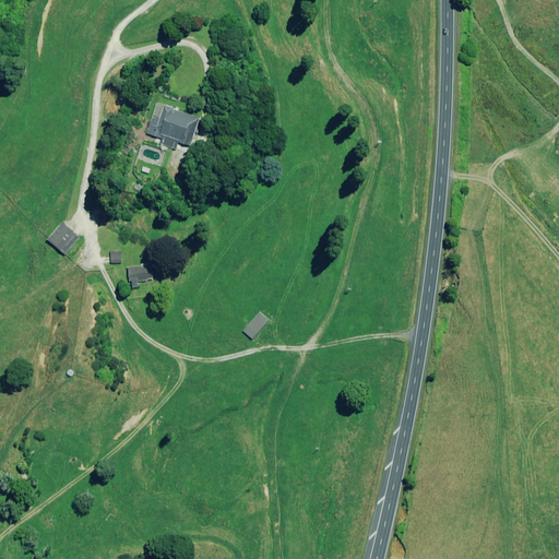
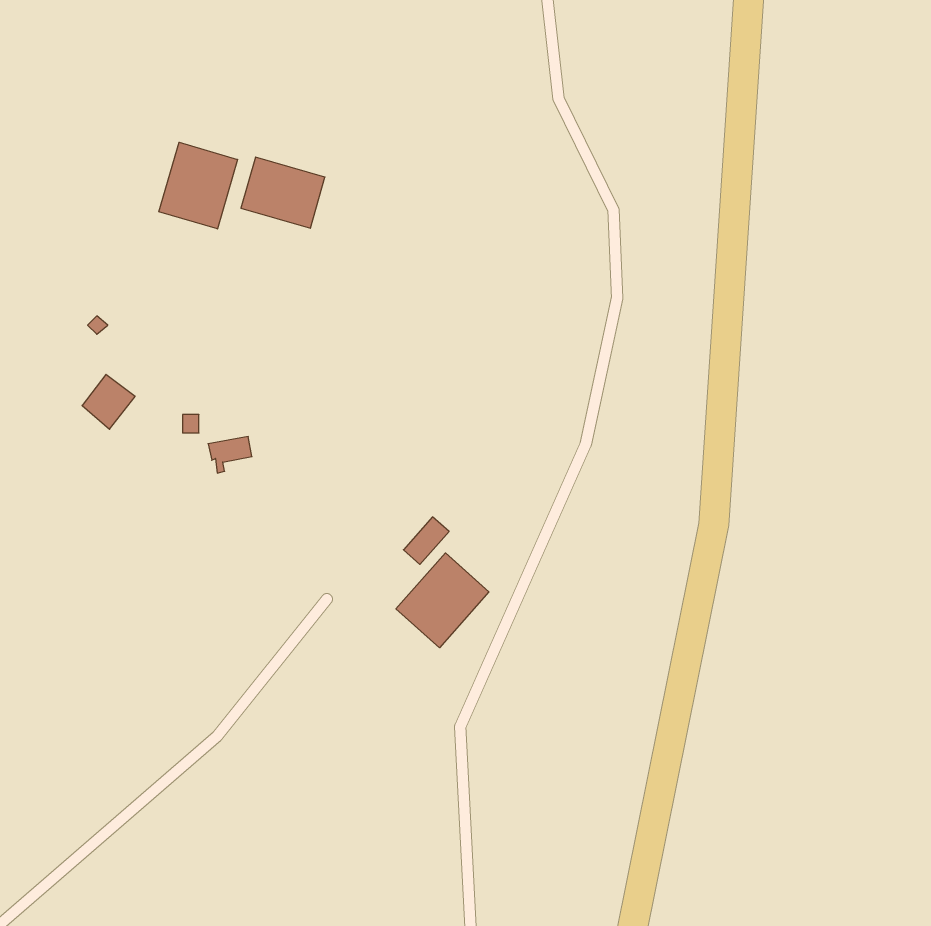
building: none -> [159,142,238,229]
building: none -> [396,553,489,648]

